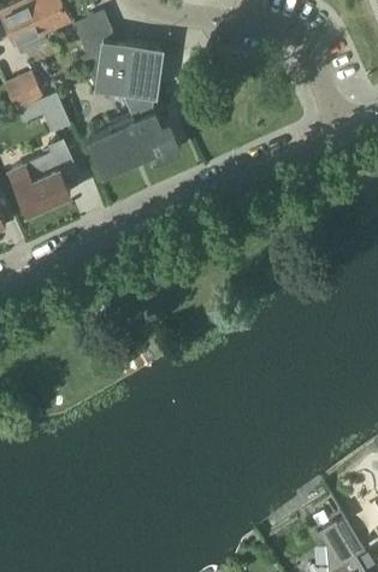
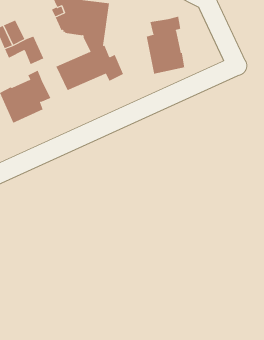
building: none -> [146,16,185,74]

